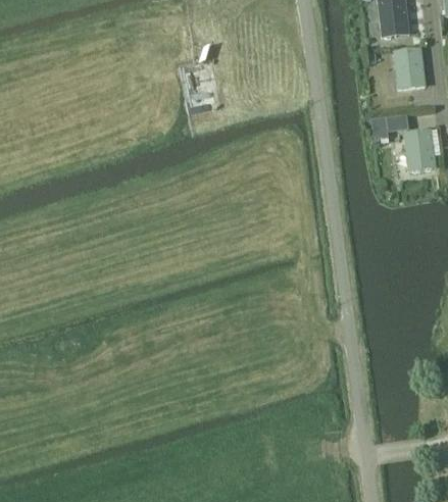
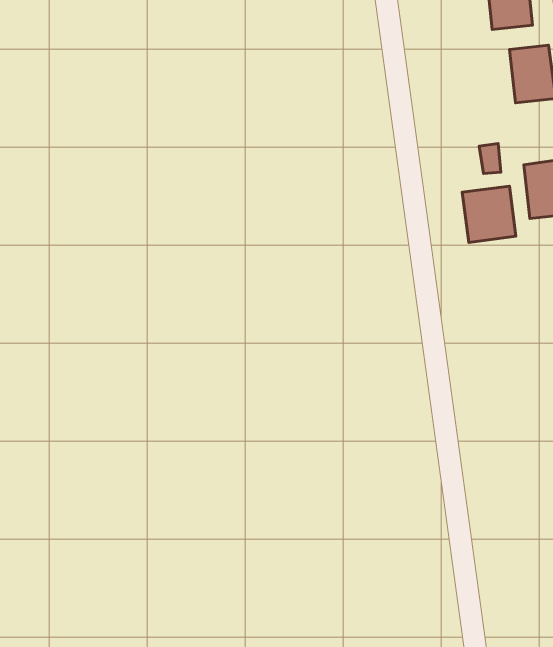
building: none -> [462,186,516,242]

